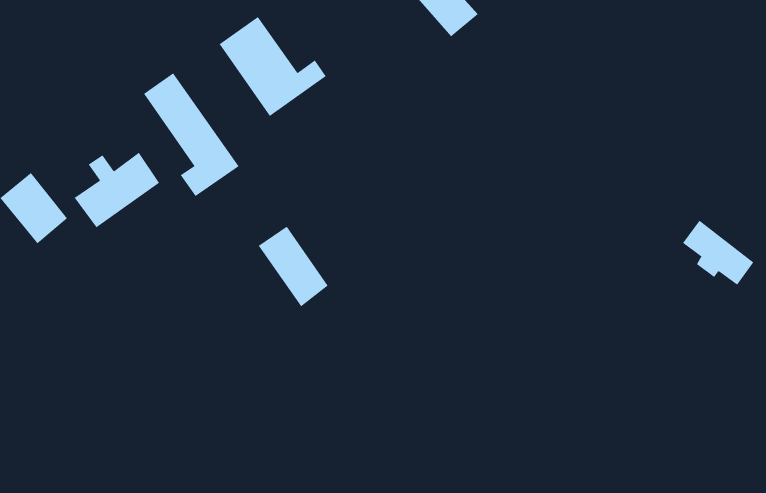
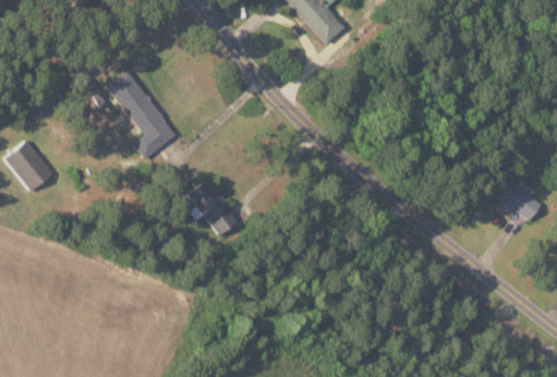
building: [219,16,326,117] -> none
building: [74,152,160,228] -> none

